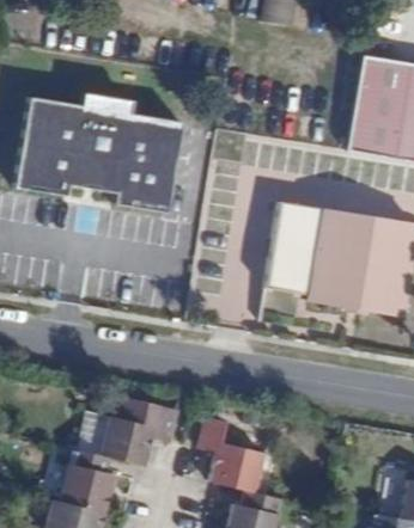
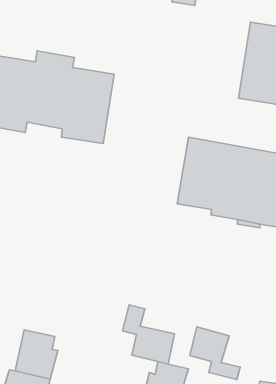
building: [97,397,175,468] -> none
building: none -> [190,327,240,379]

